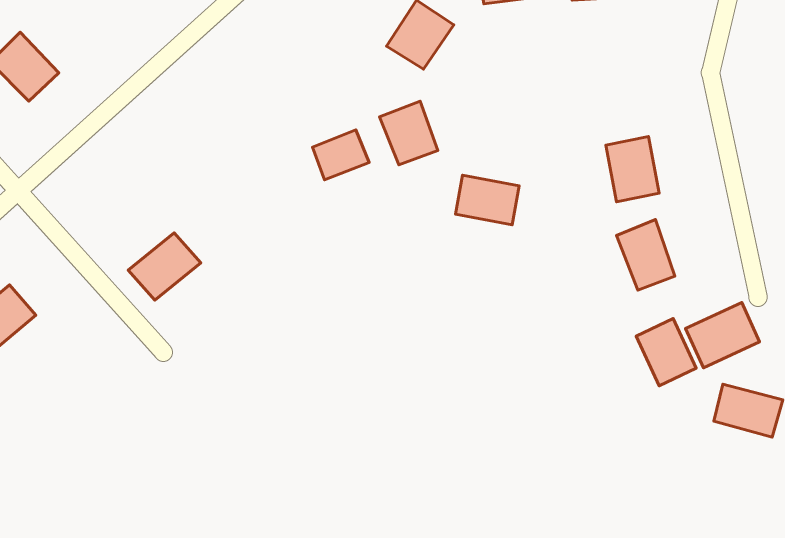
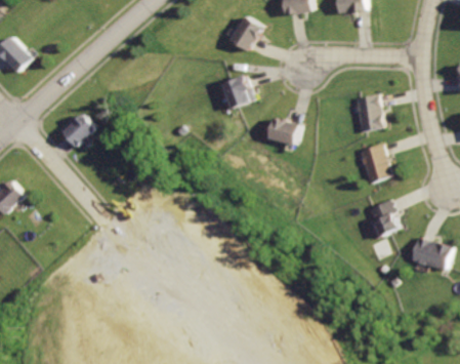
building: [313,130,369,180] -> none
building: [128,233,201,300] -> [55,111,97,150]
building: [686,302,760,368] -> none

